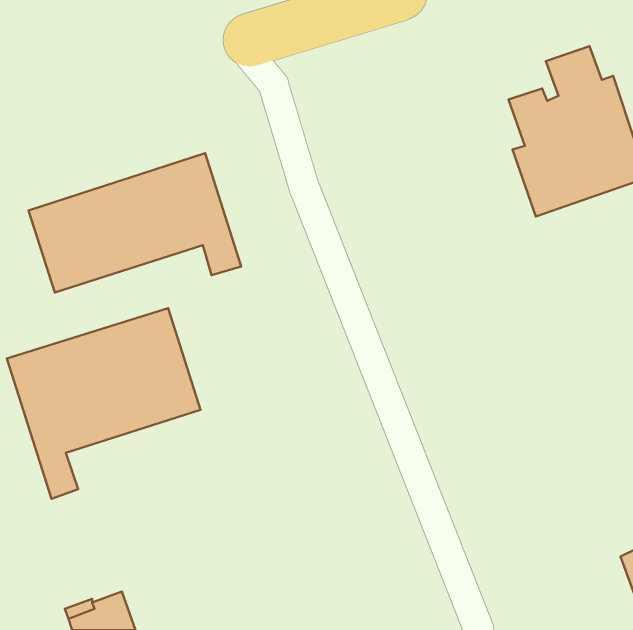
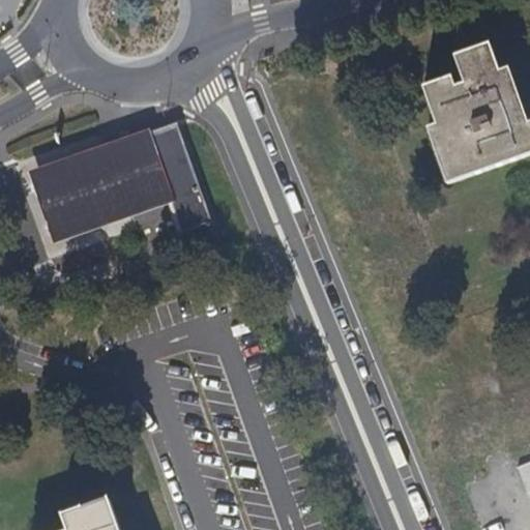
building: [7,308,201,499] -> none

